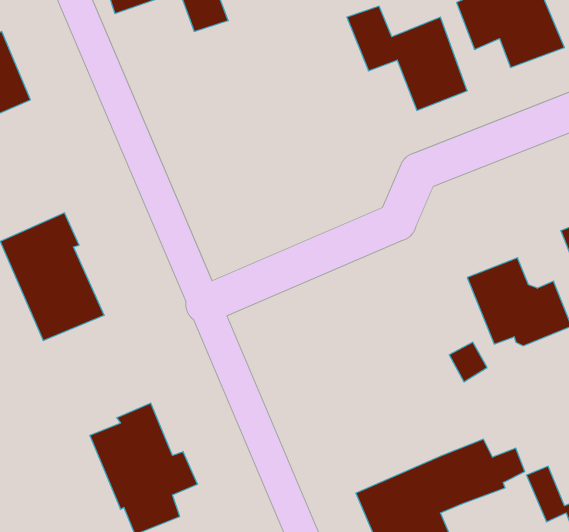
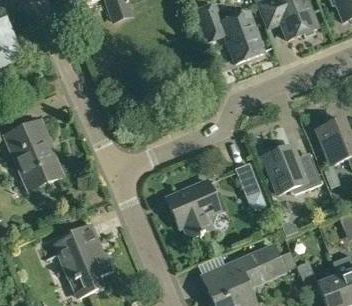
building: none -> [235,162,261,196]
building: none -> [166,179,221,238]

